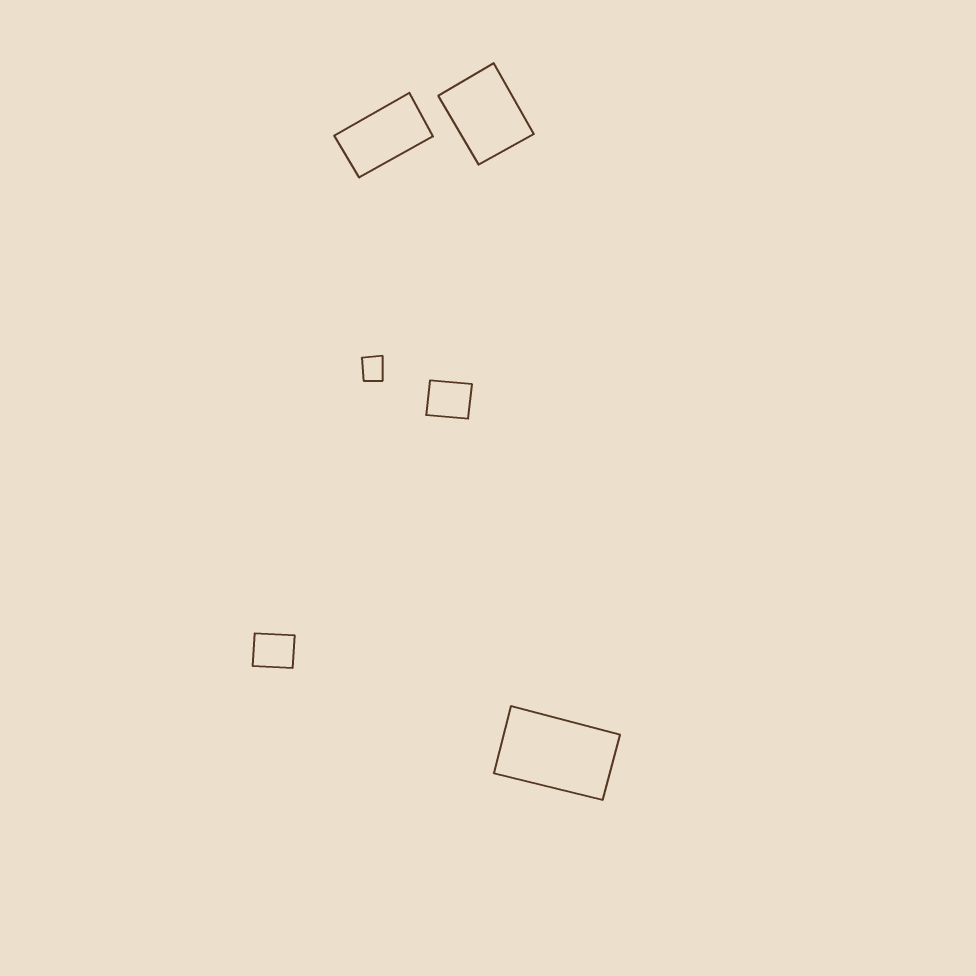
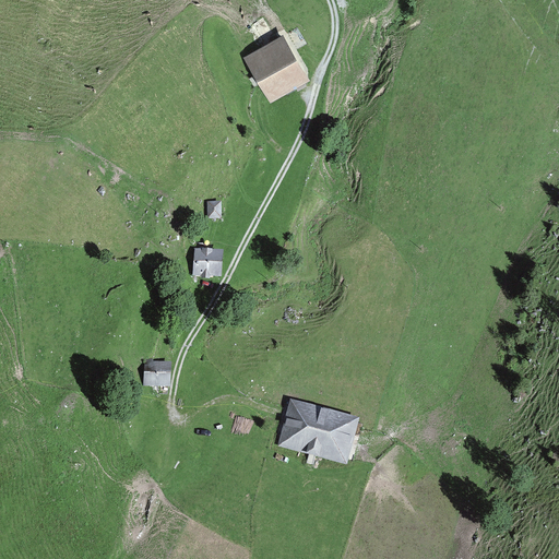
building: [334,93,433,178] -> none
building: [426,380,472,419] -> [192,251,218,273]

